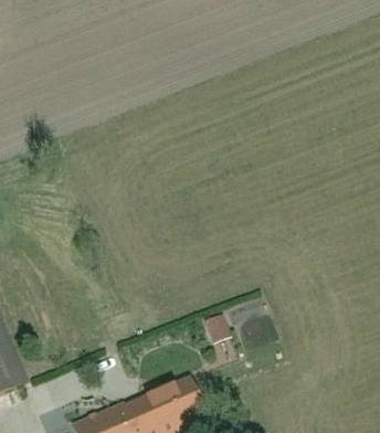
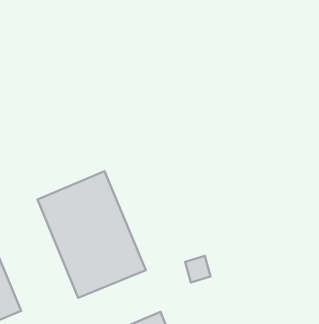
building: none -> [37,171,146,298]

